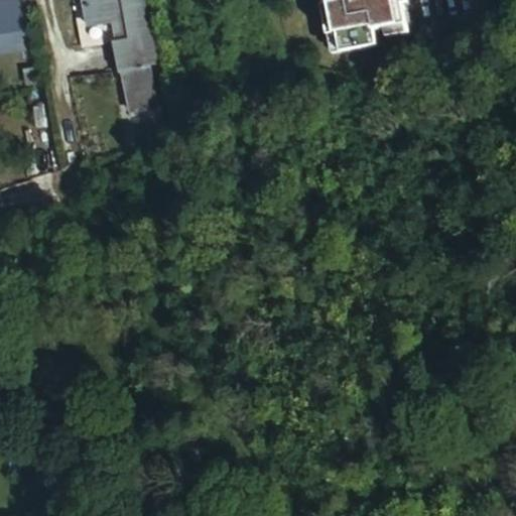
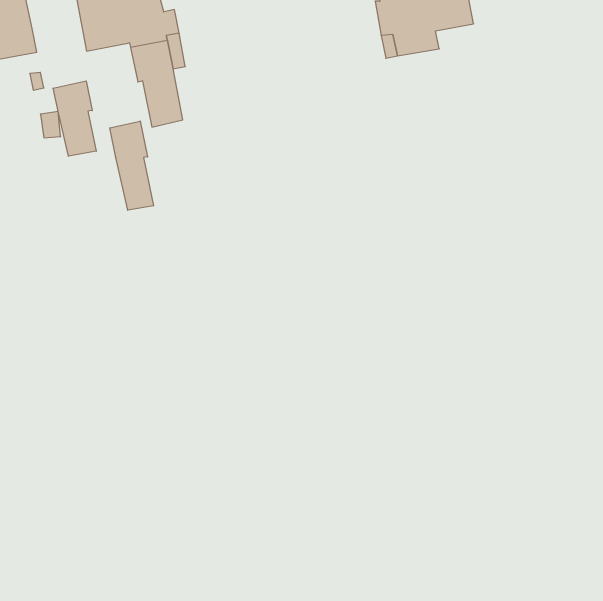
building: none -> [53,81,96,156]
building: none -> [110,121,154,210]

